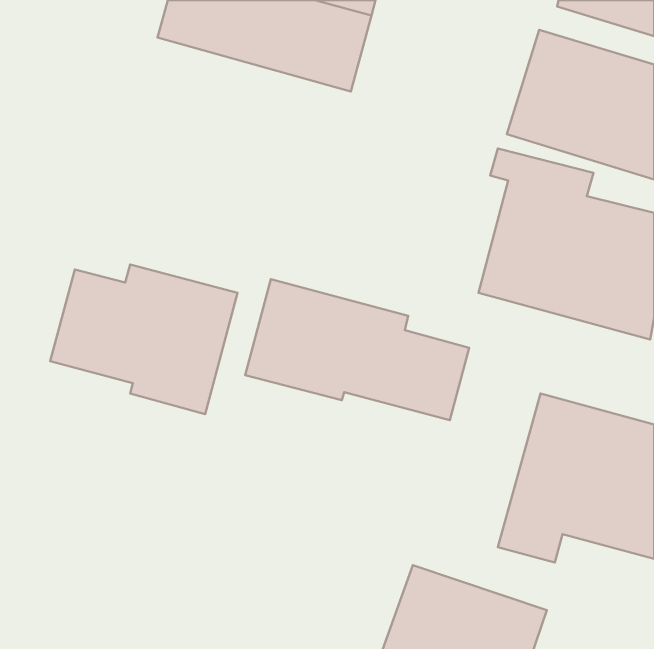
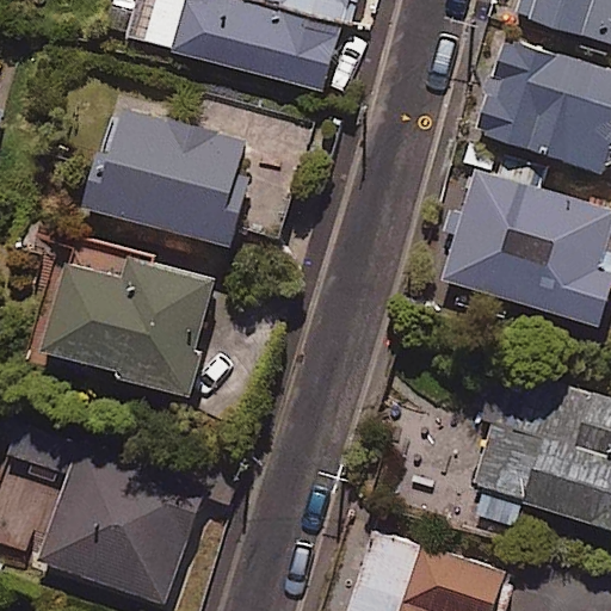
building: none -> [85,103,248,248]
building: [245,279,469,420] -> none
building: none -> [8,436,203,604]

